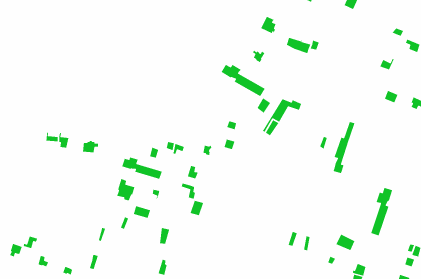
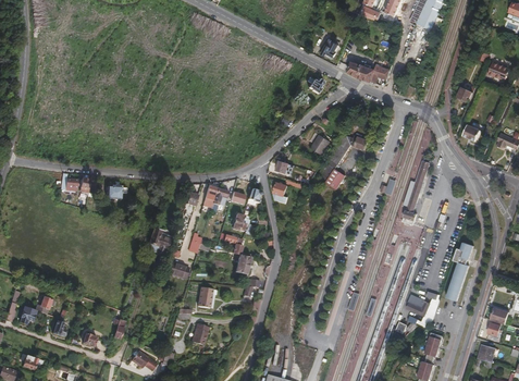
building: [220,64,266,97] -> none
building: [121,157,163,180] -> none

